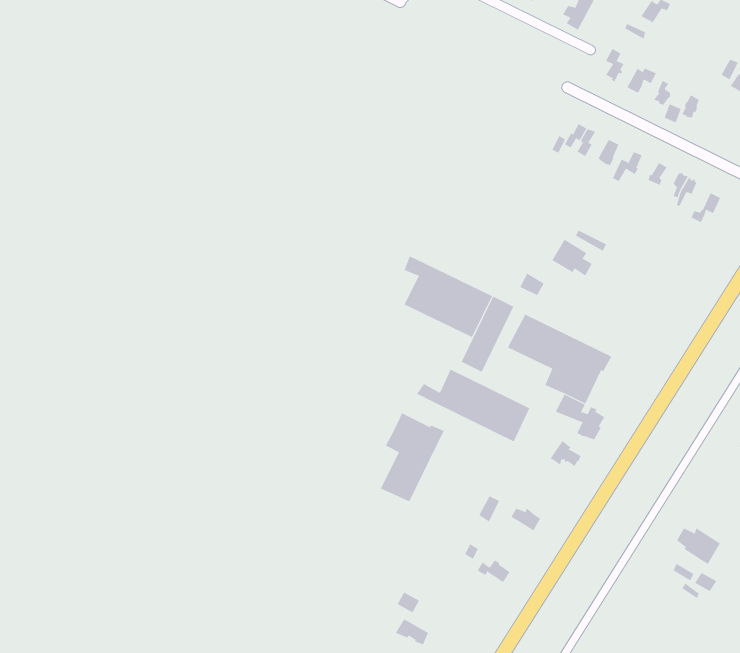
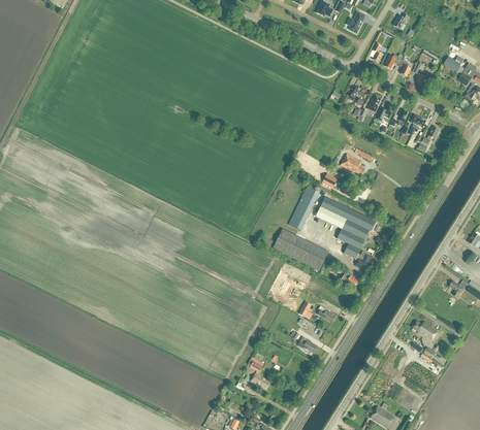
building: [404,255,493,338] -> none
building: [380,412,444,502] -> none

